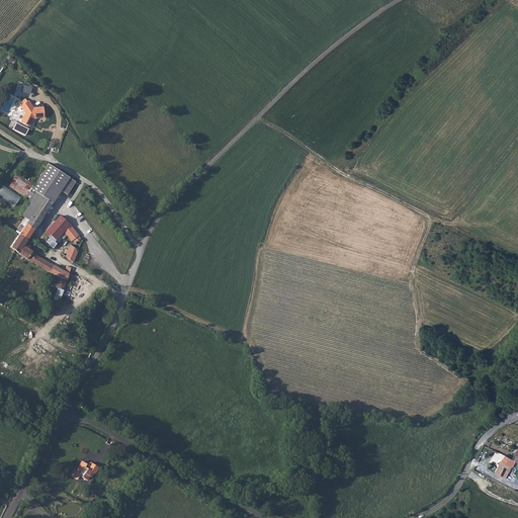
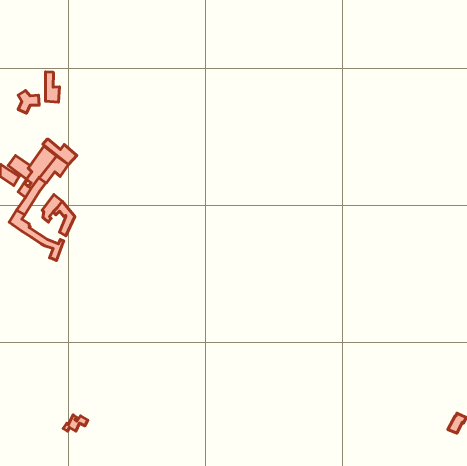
building: none -> [46,72,60,102]
building: none -> [43,139,77,164]

